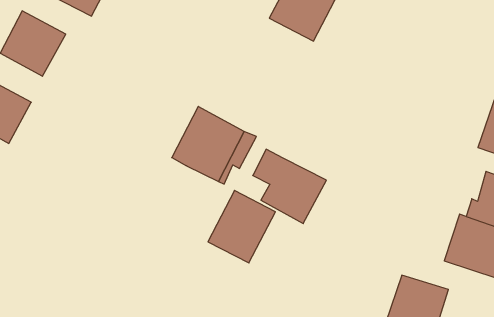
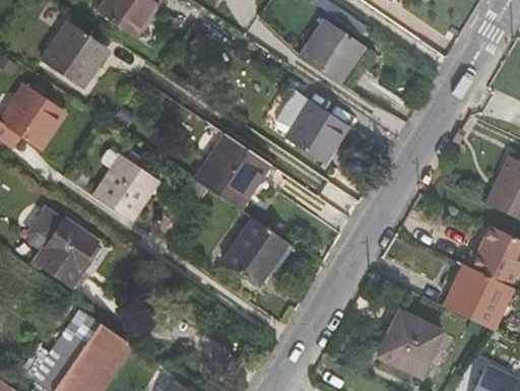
building: none -> [96,152,161,219]
building: [253,149,326,224] -> [277,89,346,164]
building: none -> [34,209,107,291]

